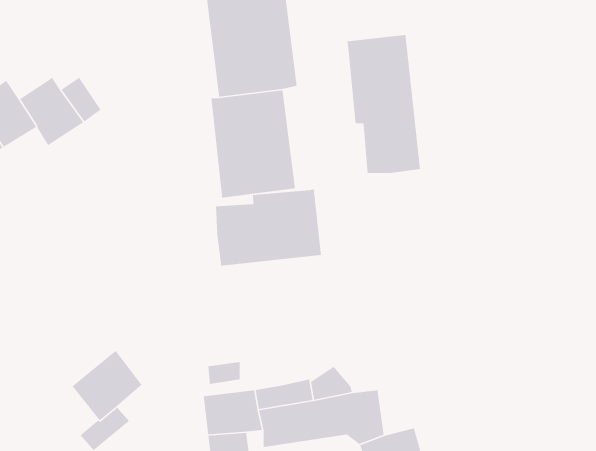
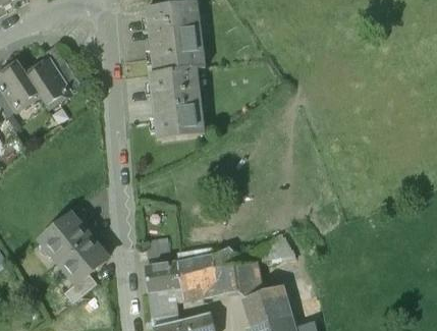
building: [346,34,421,174] -> none
building: [215,189,322,267] -> none
building: none -> [42,214,90,261]

